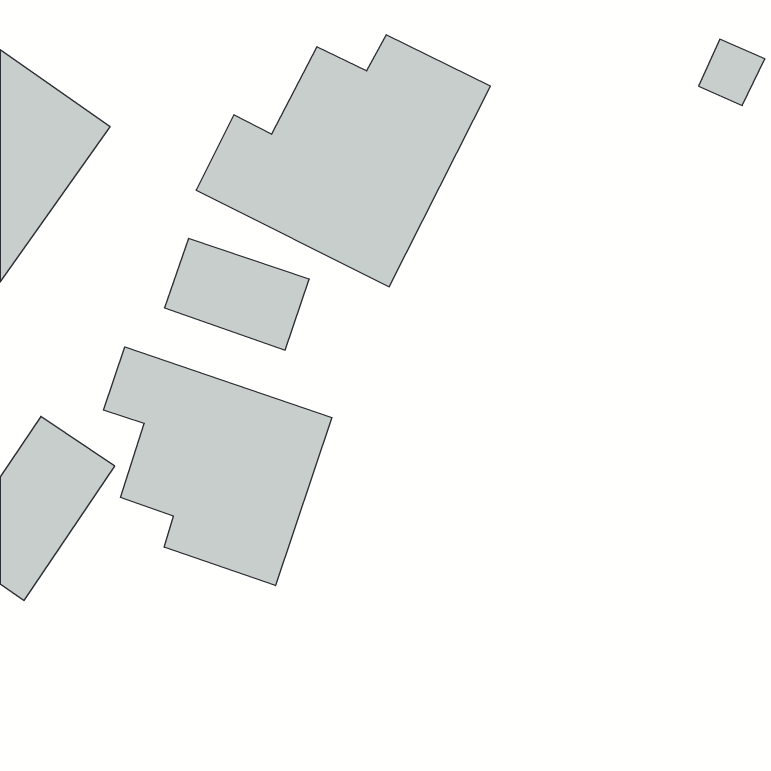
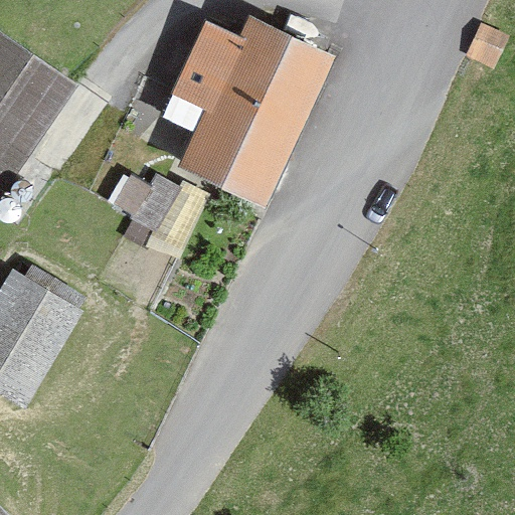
building: [103,347,332,586] -> none

